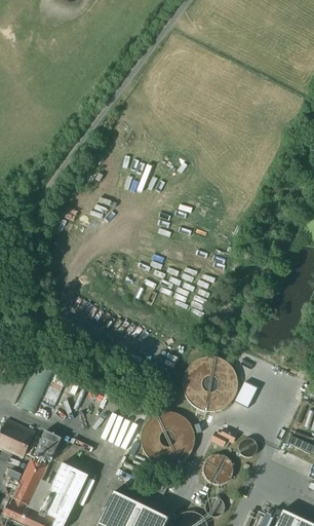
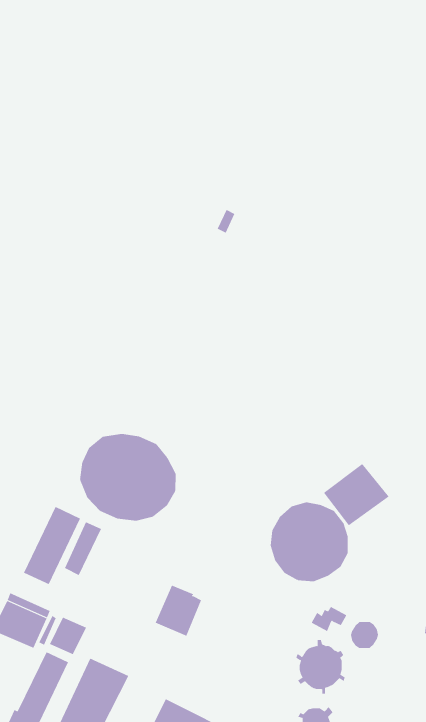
building: none -> [80,433,176,521]
building: none -> [323,463,390,526]
building: [141,412,195,465] -> none

